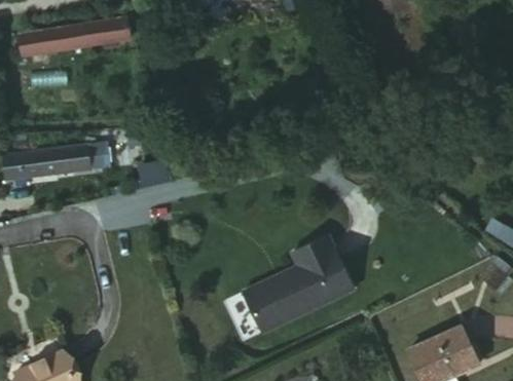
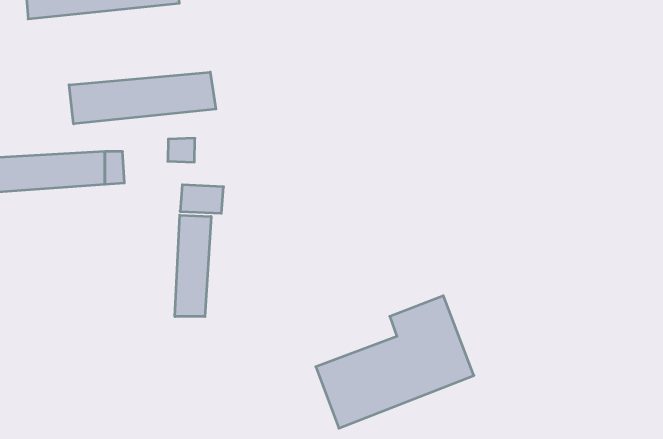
building: none -> [69,72,216,124]
building: none -> [175,215,211,317]

